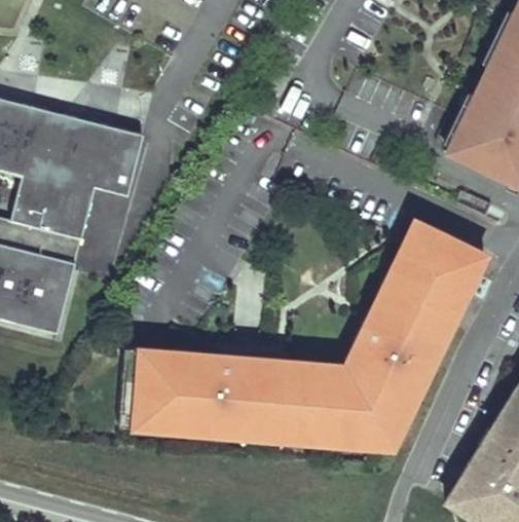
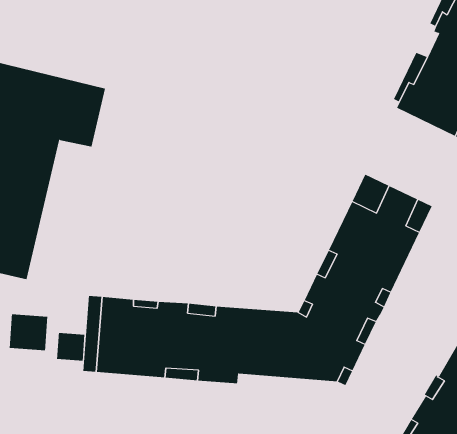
building: none -> [9,313,48,351]
building: none -> [57,332,85,362]

